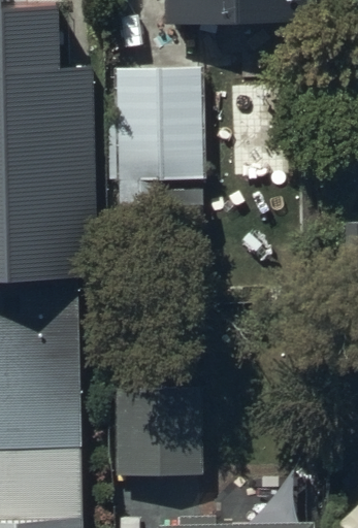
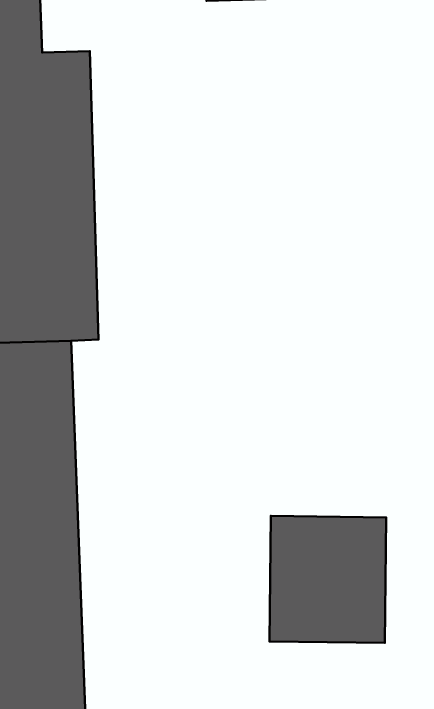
building: [120,61,203,221] -> none
building: [119,386,202,476] -> [270,516,386,643]

